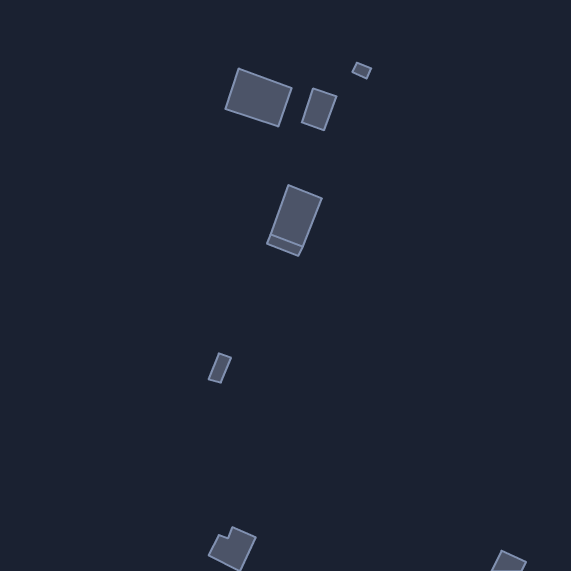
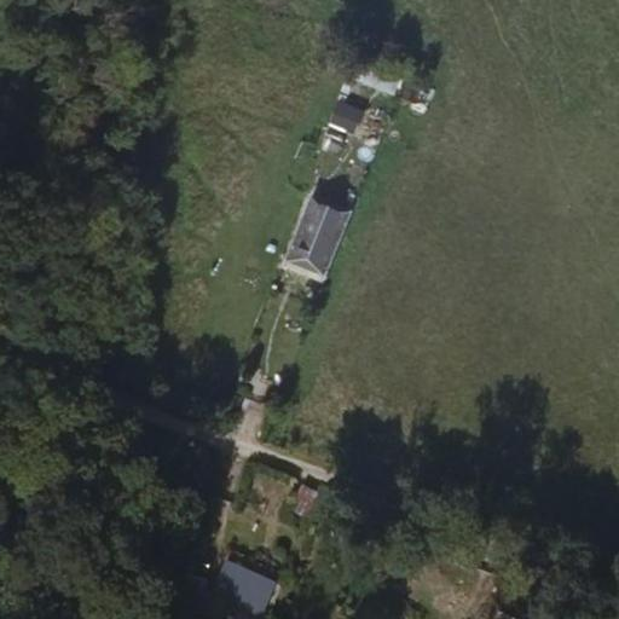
building: [225,68,292,127] -> none

